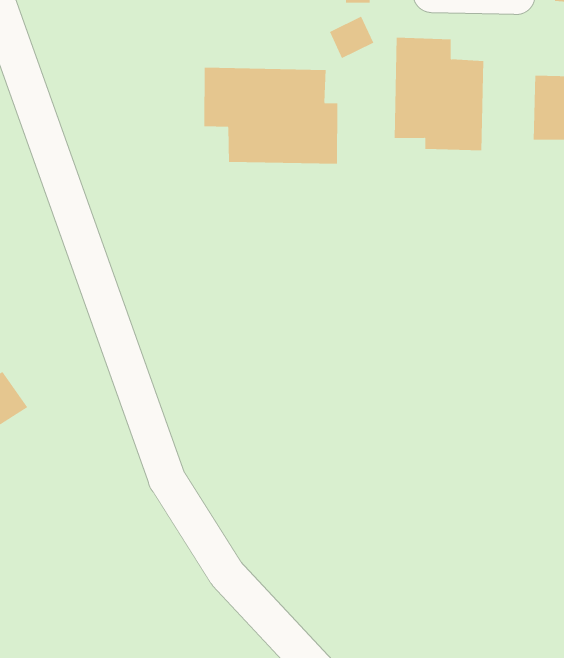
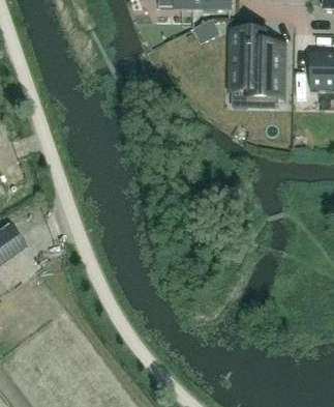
building: [204,67,338,165] -> none

